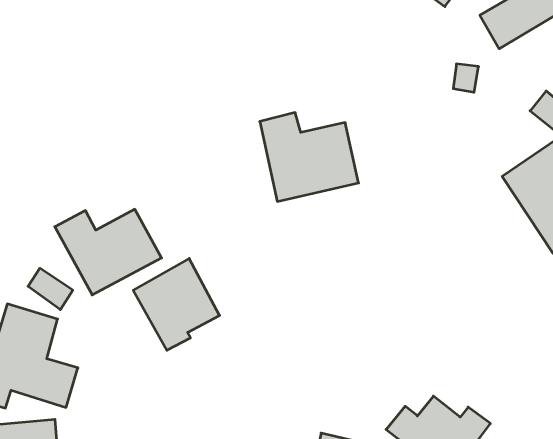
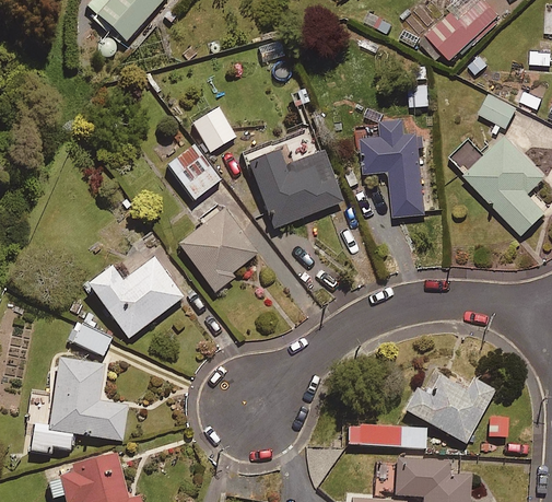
building: none -> [193,107,236,151]
building: none -> [166,143,220,198]
building: none -> [363,116,427,214]
building: [133,258,220,350] -> [178,208,257,291]

